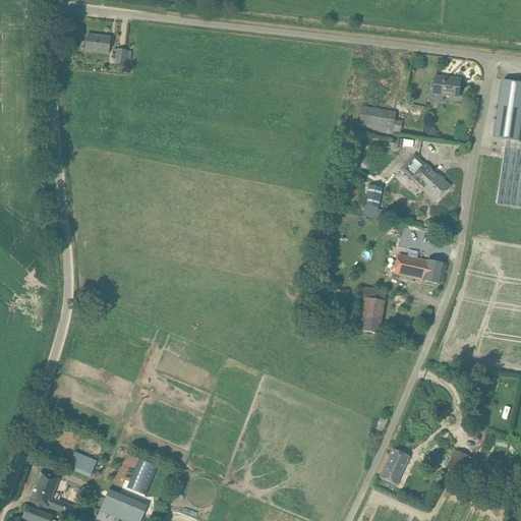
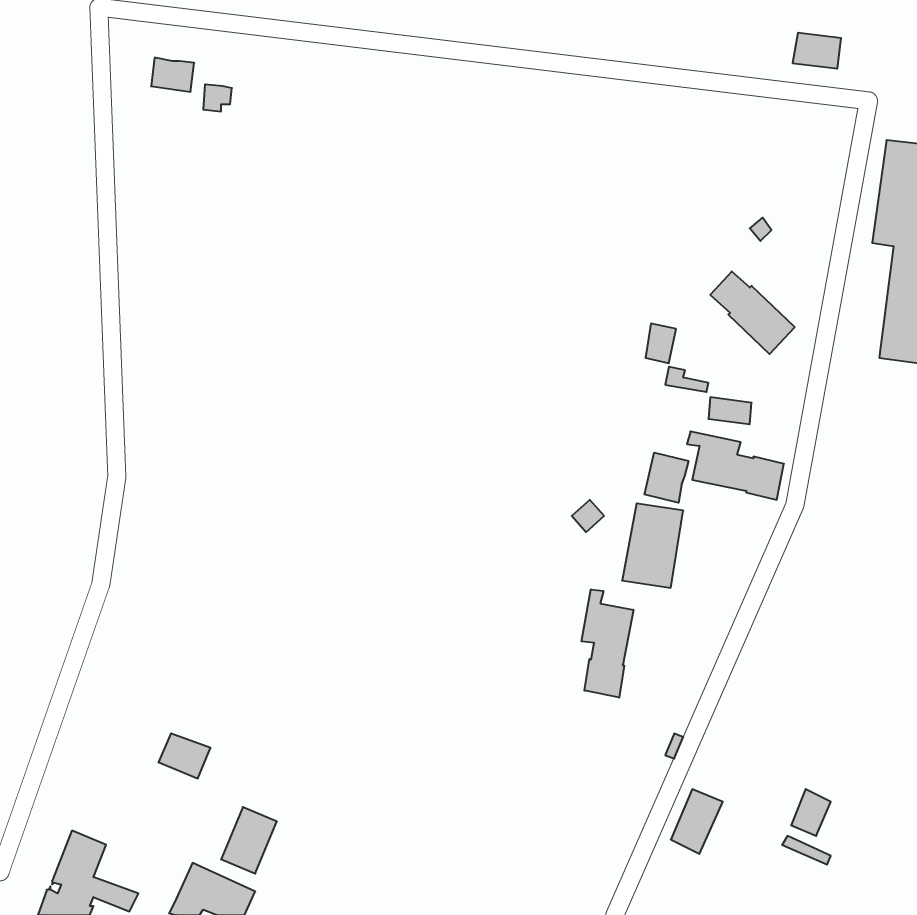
building: [435,74,462,95] -> [793,33,841,69]
building: [360,106,404,134] -> none
building: none -> [644,453,688,503]
building: none -> [582,589,633,698]
building: [68,451,98,476] -> [158,733,211,778]

